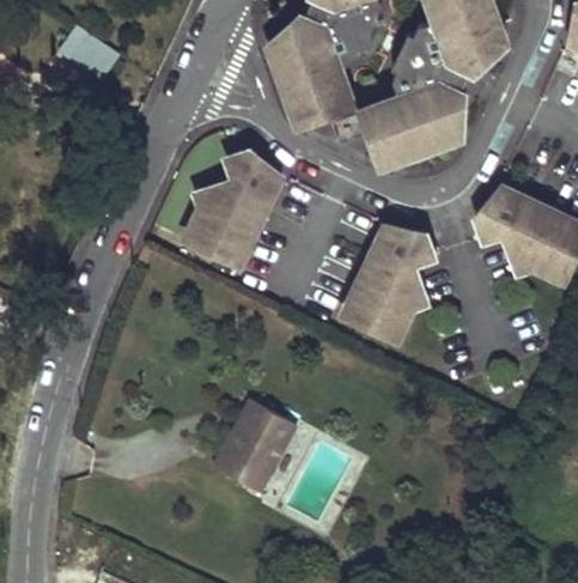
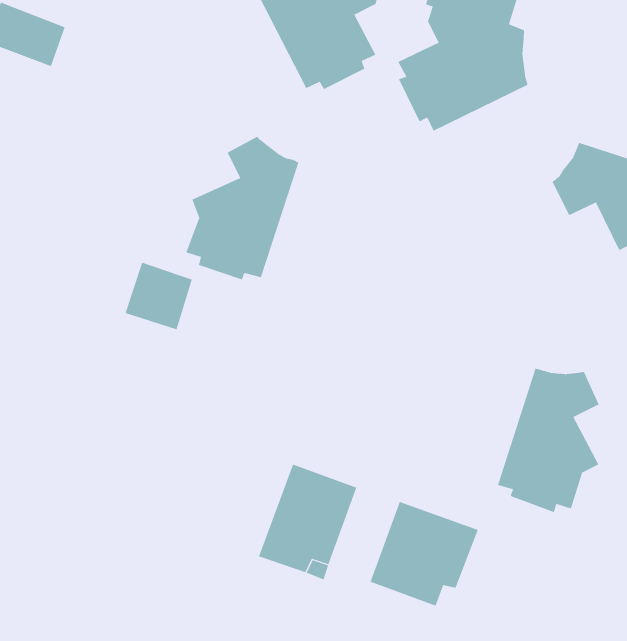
building: [347,225,432,336] -> [497,368,600,513]
building: none -> [125,262,193,330]
building: none -> [370,501,478,606]

